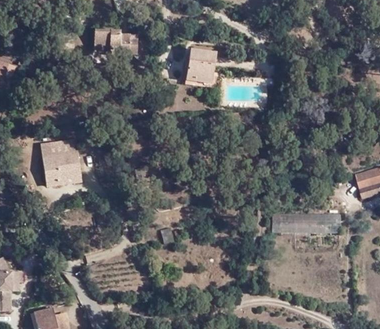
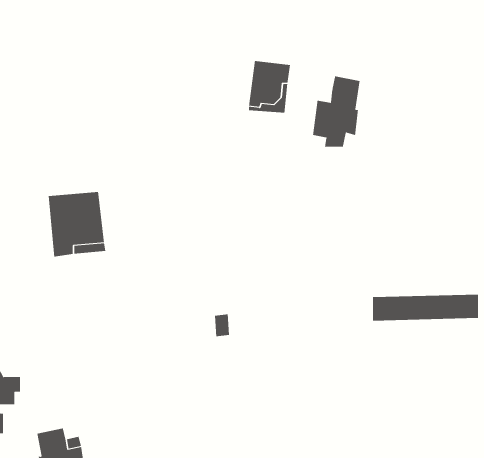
building: [91,28,134,52] -> none
building: none -> [313,75,360,147]

